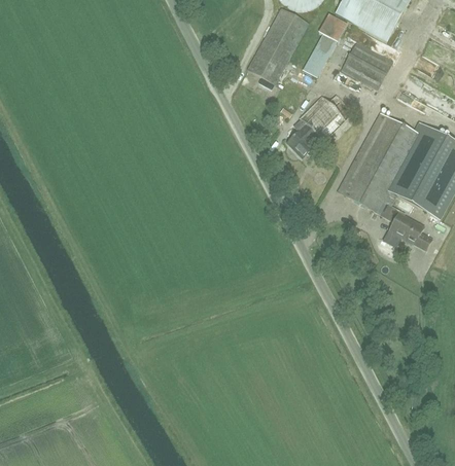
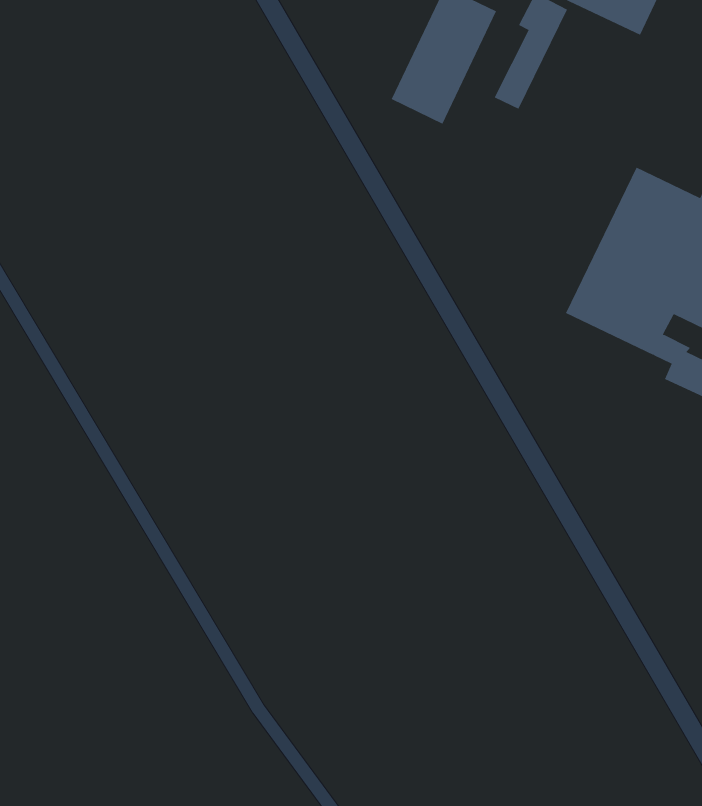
building: [341,42,393,91] -> none
building: [286,95,353,157] -> none

